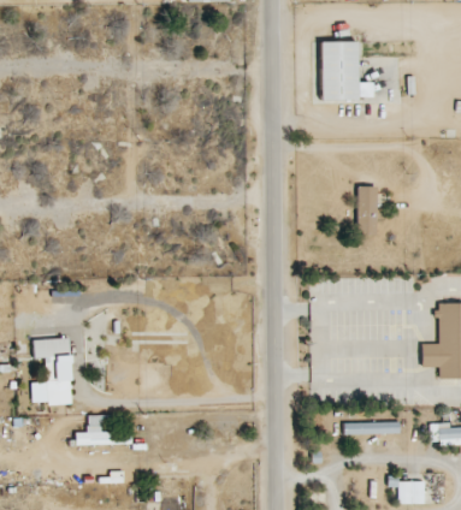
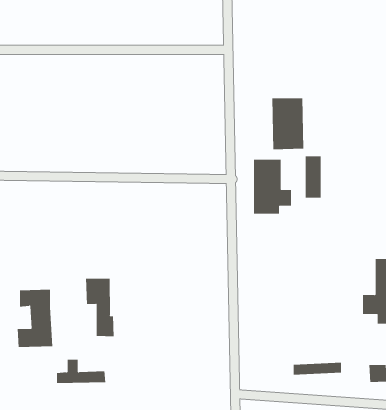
building: [320,42,357,101] -> [271,98,304,150]
building: none -> [253,159,291,214]
building: none -> [86,278,114,337]

